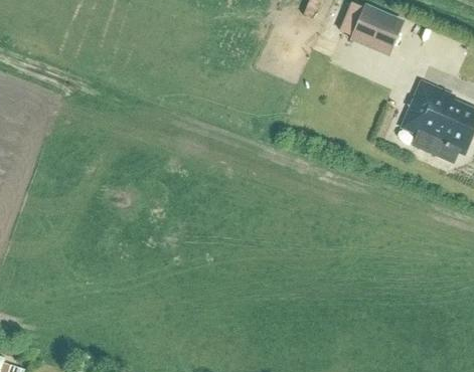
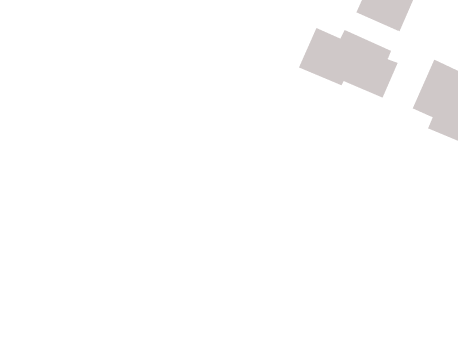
building: none -> [298,27,399,99]

